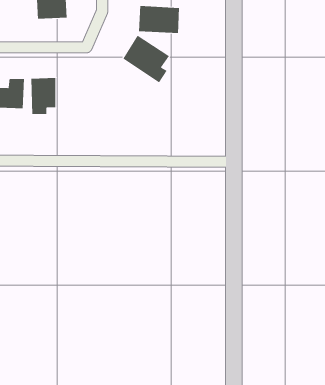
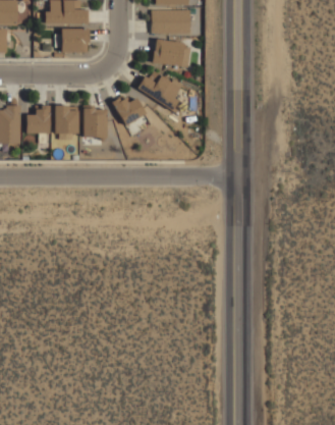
building: none -> [111,94,151,134]
building: none -> [82,106,107,137]

